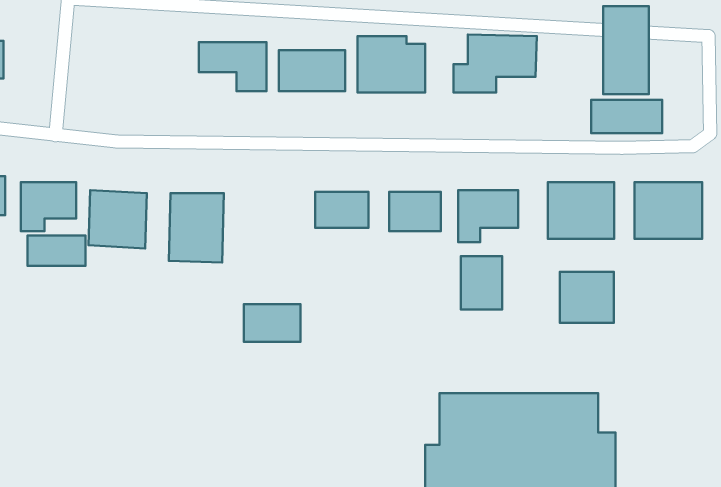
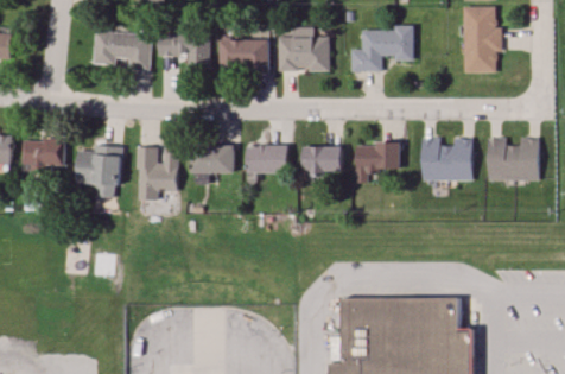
building: none -> [94,32,152,68]
building: [591,100,662,133] -> none
building: [27,236,85,266] -> none
building: [461,256,502,309] -> none
building: [560,272,614,323] -> none
building: [244,304,300,342] -> [191,146,234,175]

